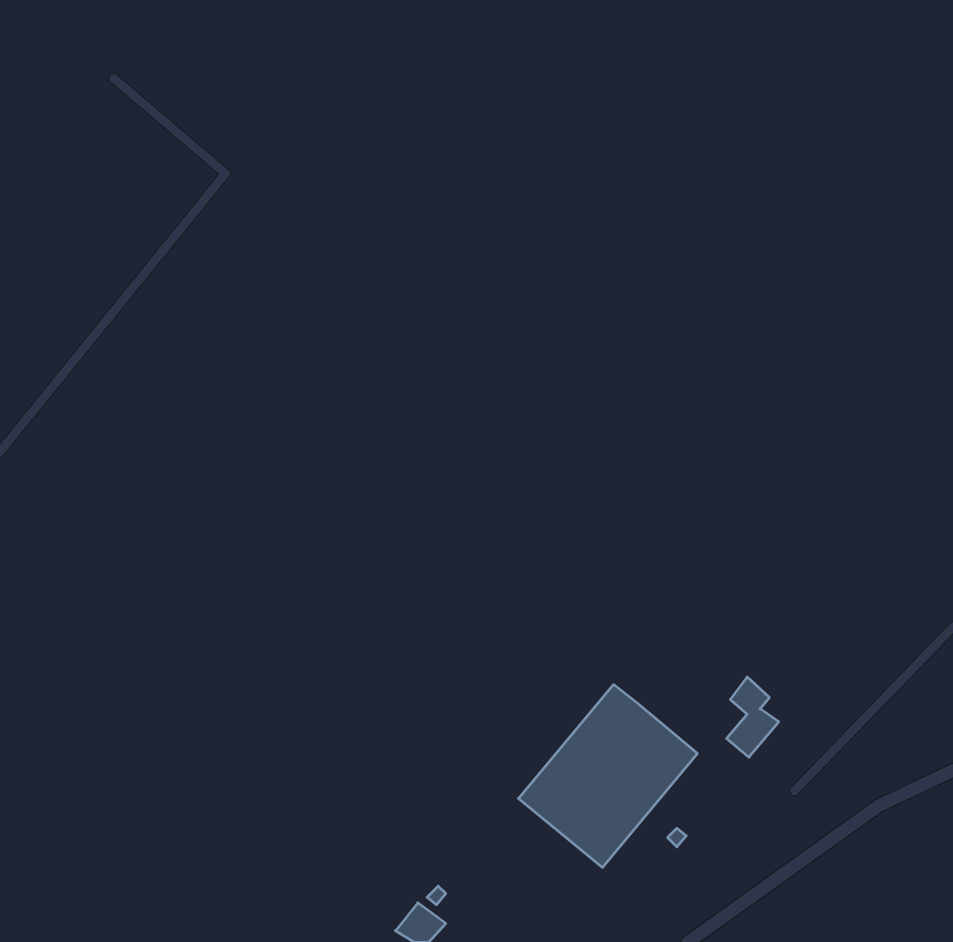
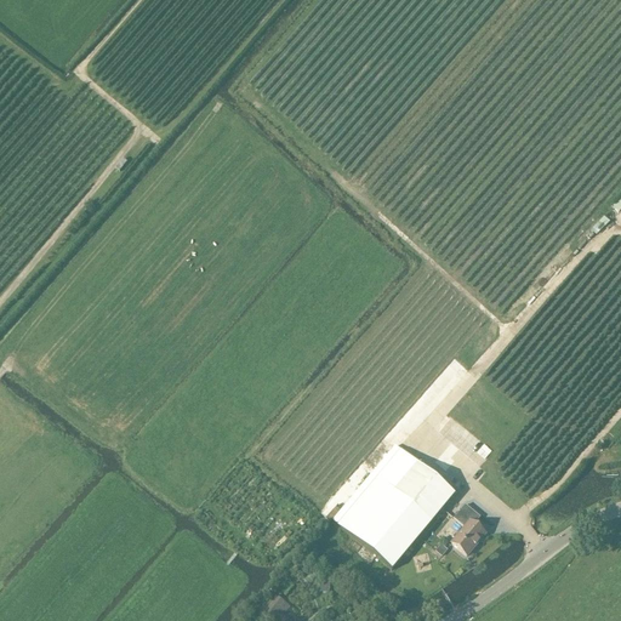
building: [727,677,779,757] -> [451,498,485,551]

